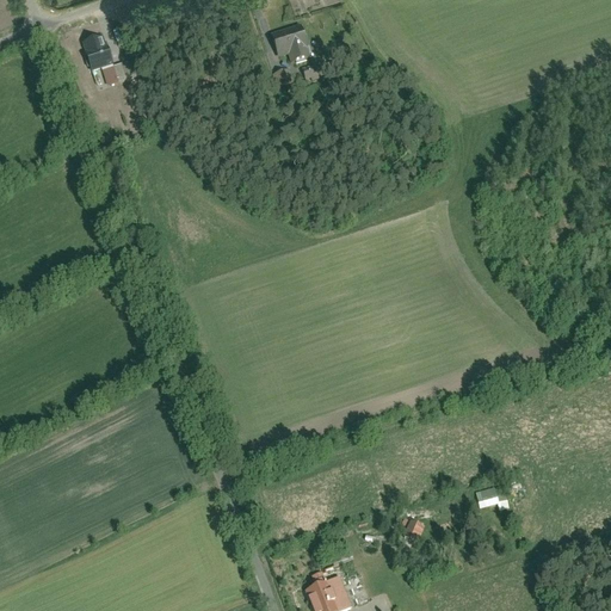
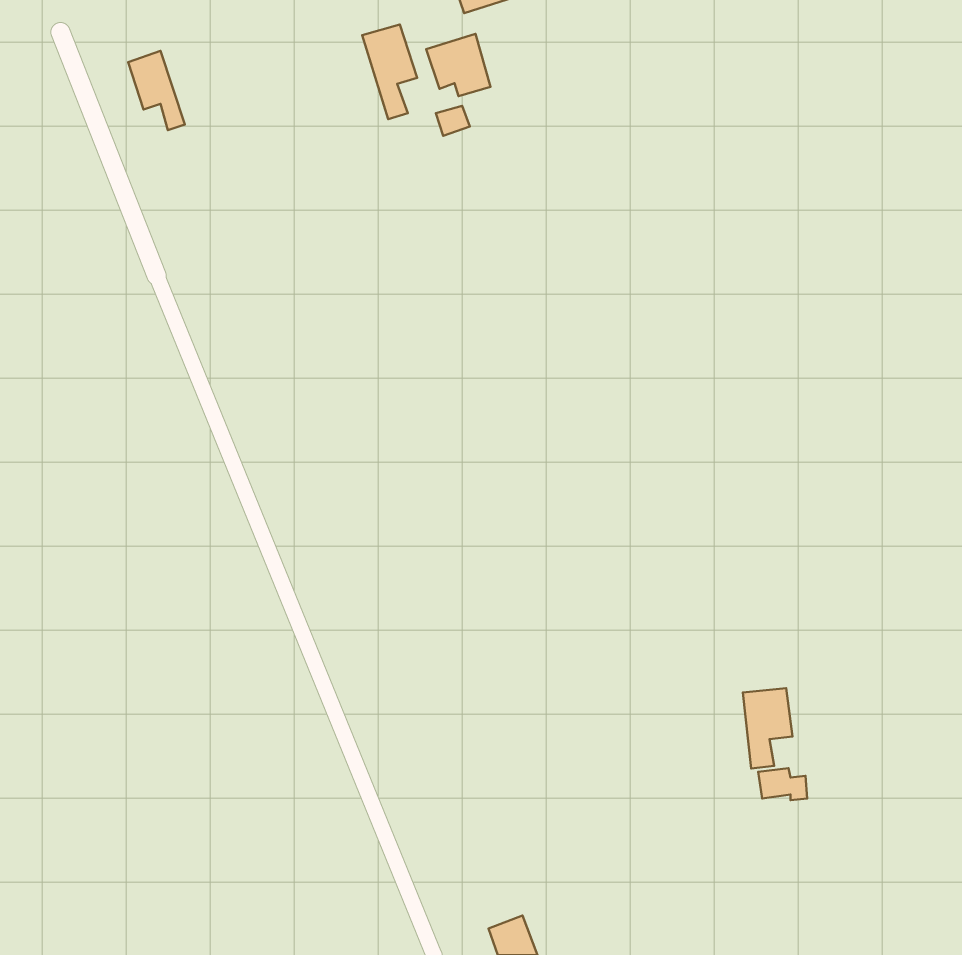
building: none -> [362,24,417,119]
building: none -> [743,688,792,768]

